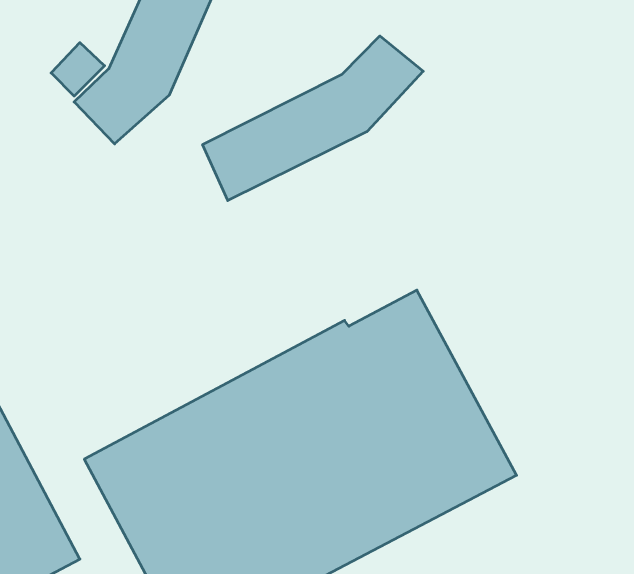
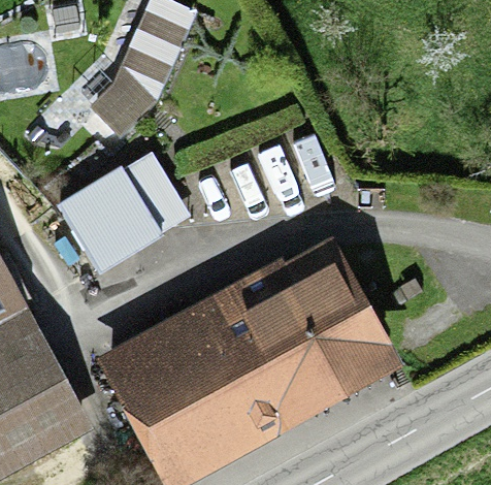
building: [203,36,423,201] -> none
building: none -> [56,150,190,277]

